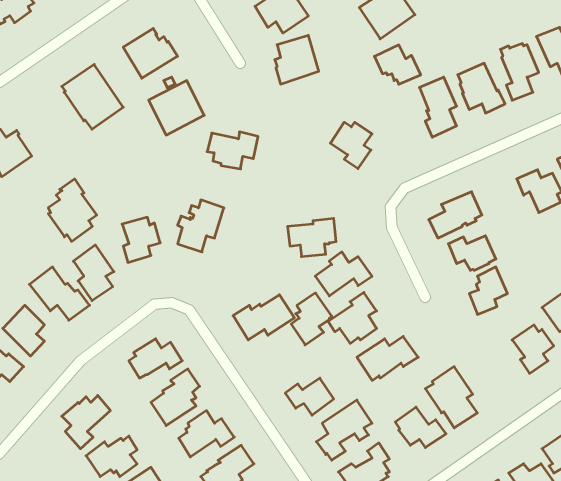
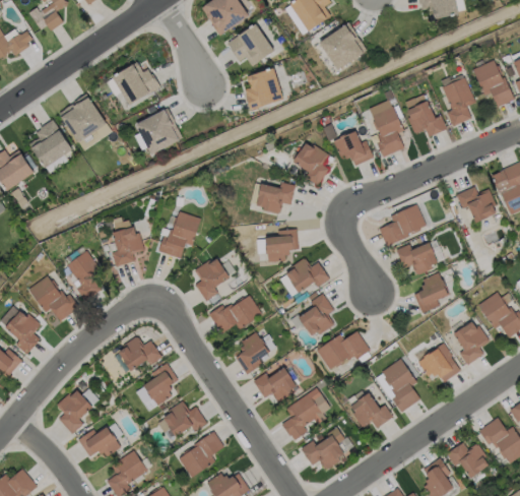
building: [374,45,421,84] -> [333,131,374,166]
building: [207,132,258,169] -> [251,181,296,213]
building: [48,179,97,241] -> [28,119,71,174]
building: none -> [194,257,229,302]
building: [291,293,332,345] -> [234,330,269,376]
building: none -> [417,344,459,382]

